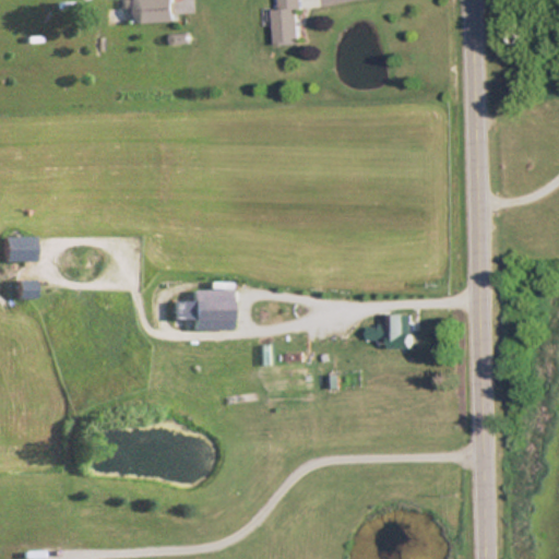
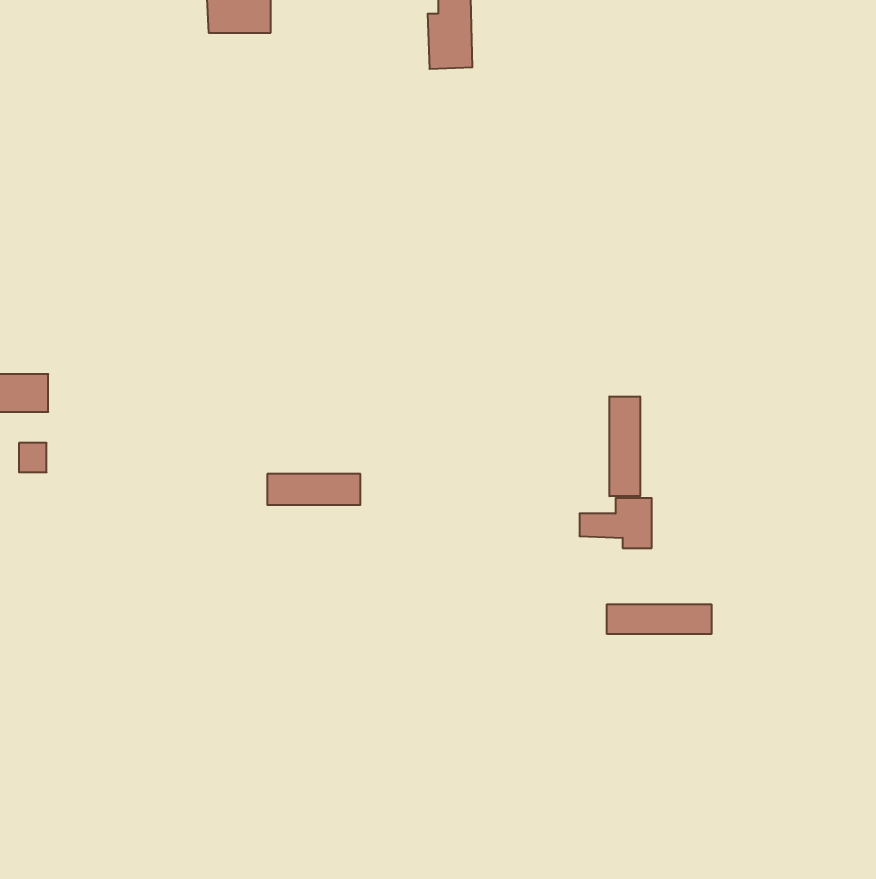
building: none -> [609,396,640,496]
building: none -> [607,604,711,634]

